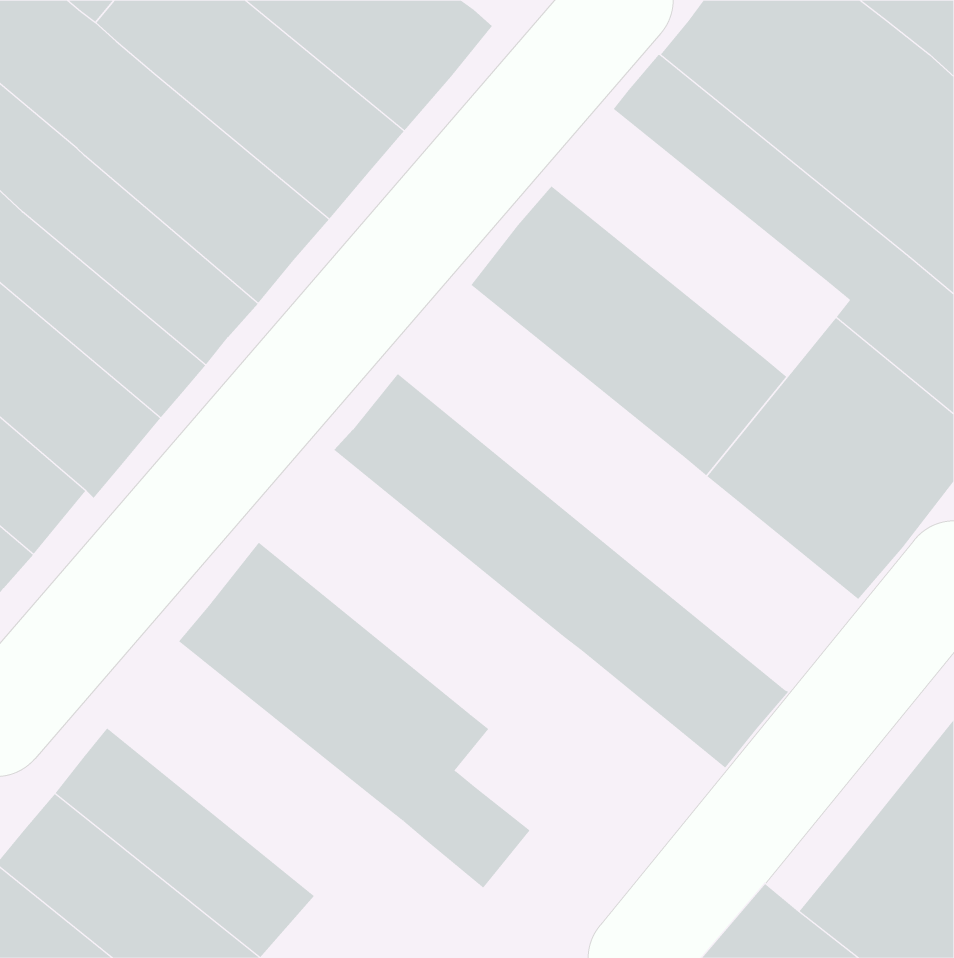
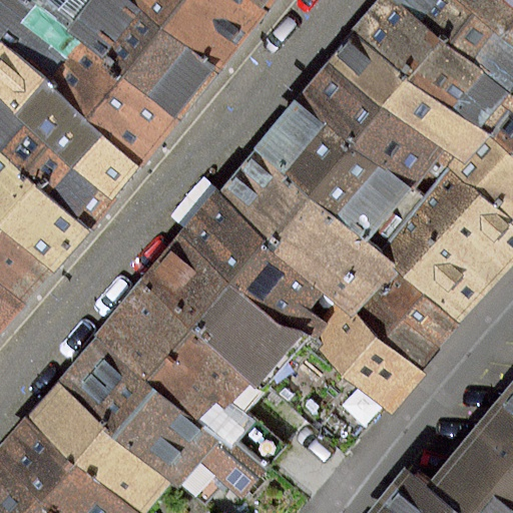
building: none -> [295,58,442,191]
building: none -> [212,152,459,369]
building: none -> [138,240,302,390]
building: none -> [57,343,259,495]

